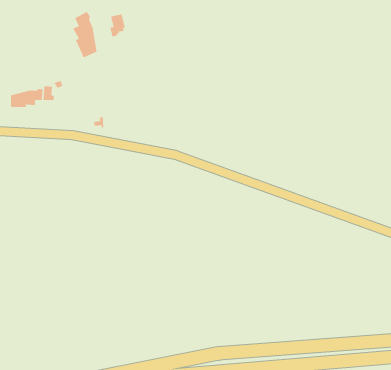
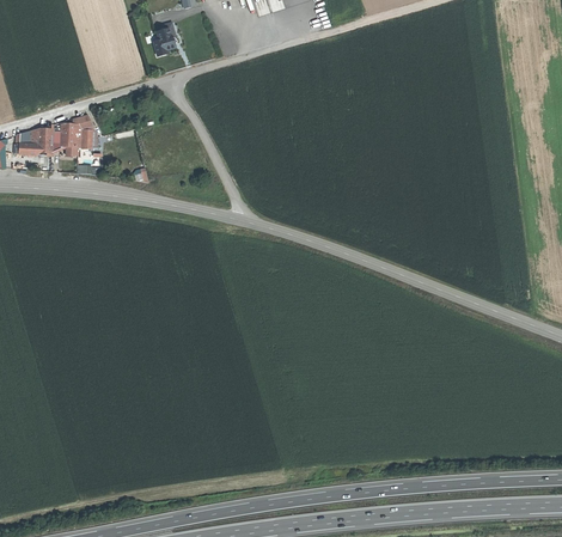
building: [72,11,98,59] -> none

